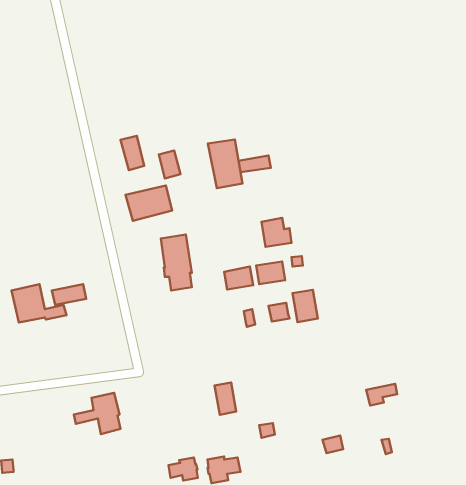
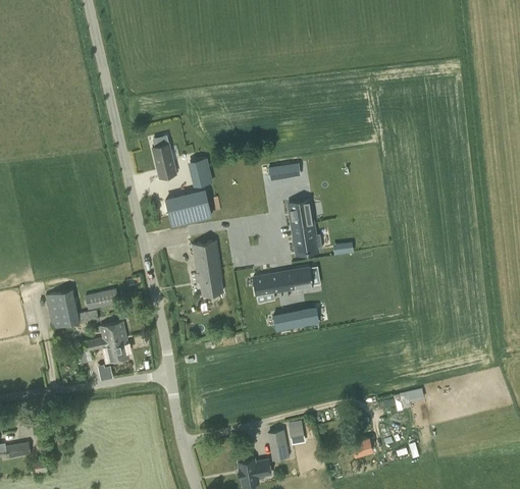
building: [208,139,242,188] -> none
building: none -> [288,202,311,228]
building: [293,290,318,322] -> none
building: [215,383,236,415] -> [267,429,289,460]
building: [74,393,120,434] -> [83,321,128,362]
building: [168,458,198,481] -> none

